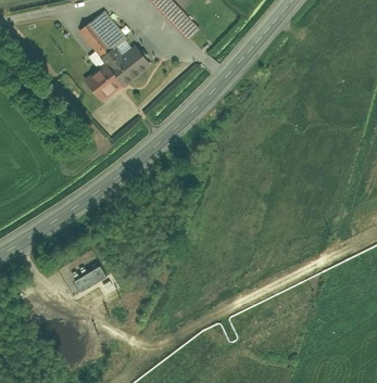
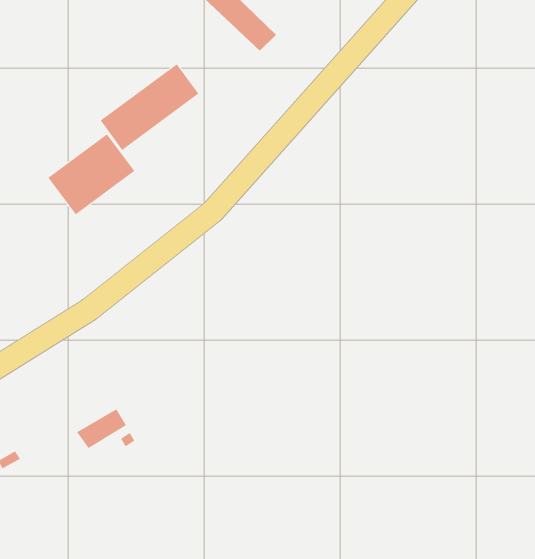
building: [77,11,126,60] -> none
building: none -> [47,134,135,215]

